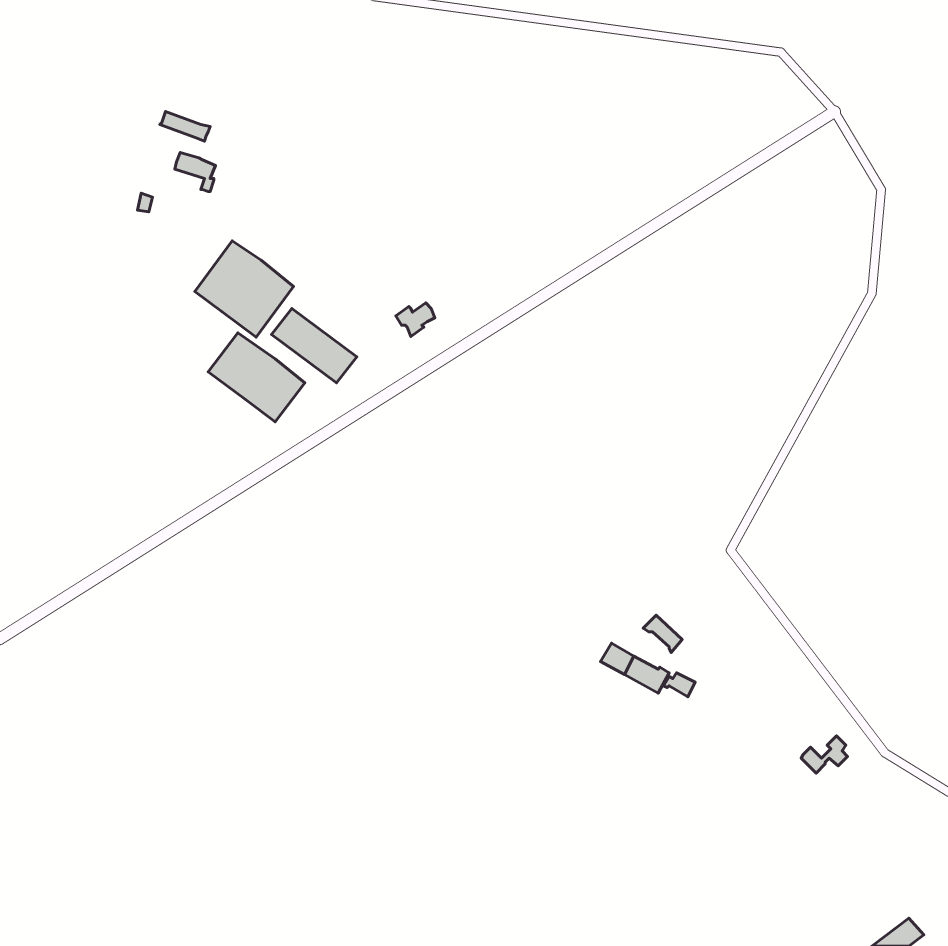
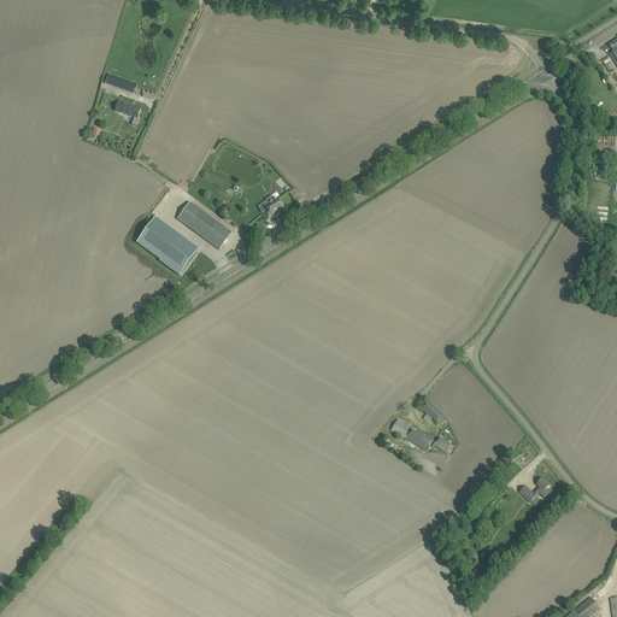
building: [195,241,293,337] -> none

